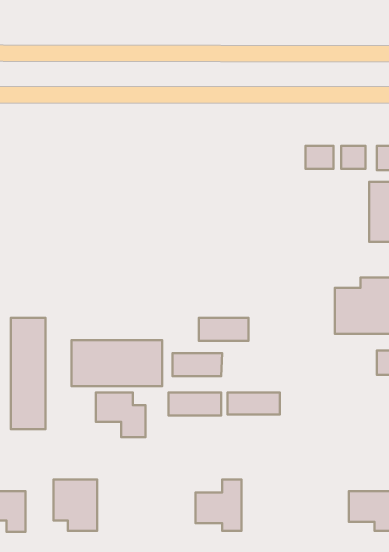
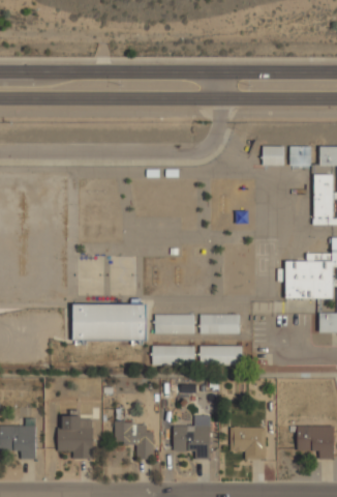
building: [199,318,249,341] -> [200,314,240,332]
building: [11,318,46,429] -> none
building: [96,392,146,437] -> [115,421,155,458]
building: none -> [231,427,266,458]

